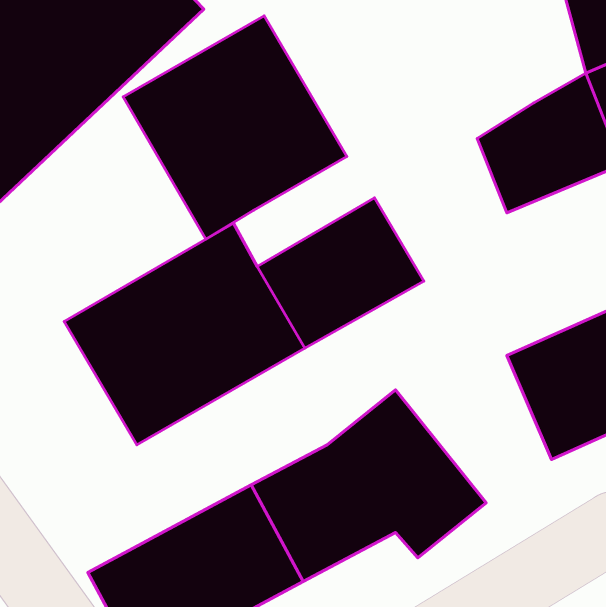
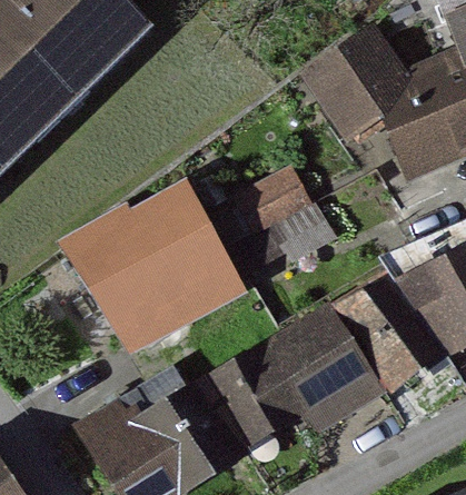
building: none -> [300,27,409,135]
building: [123,16,347,239] -> none
building: none -> [306,279,410,392]

